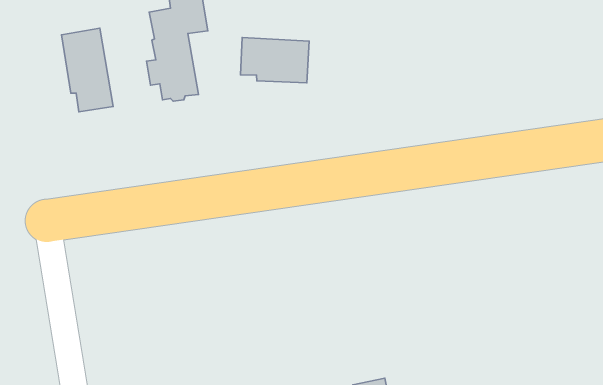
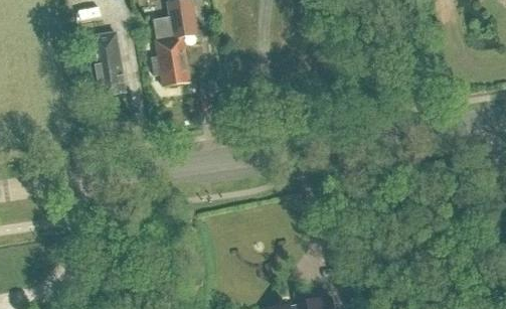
building: [241,37,309,83] -> none

